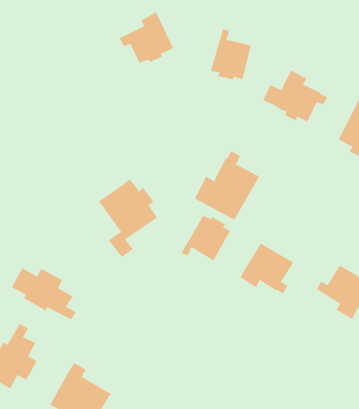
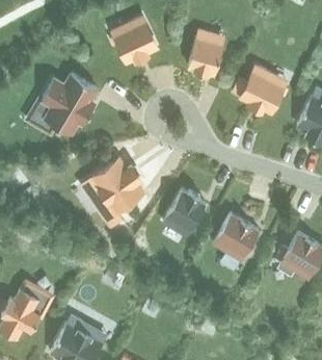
building: none -> [42,73,98,133]
building: [194,150,260,220] -> none
building: [11,268,76,320] -> none

